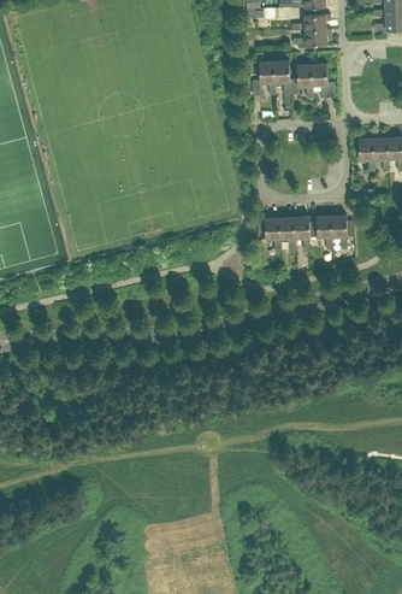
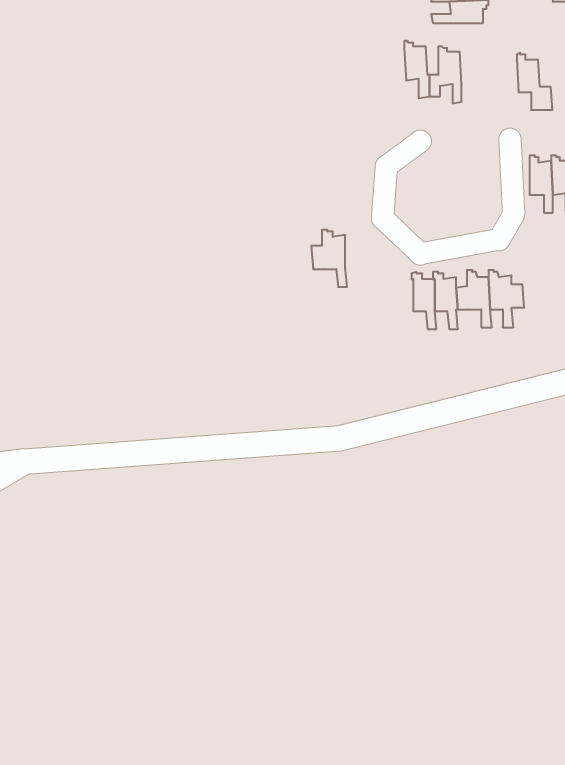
building: [253,58,276,98] -> none
building: [312,60,336,99] -> [517,53,552,110]
building: [258,214,282,253] -> [311,230,347,287]

